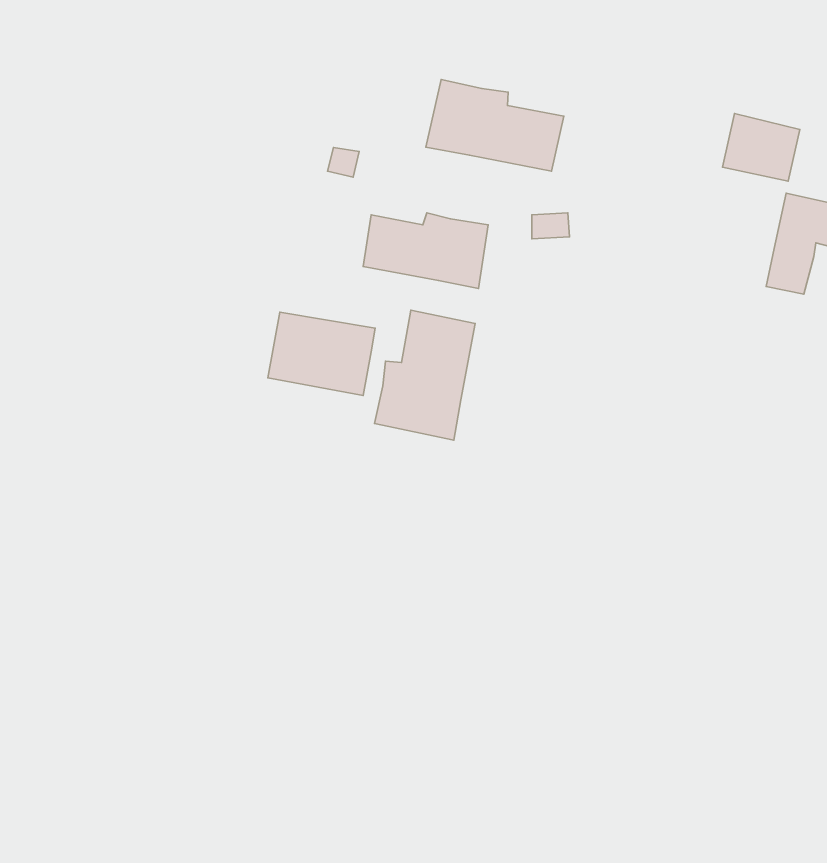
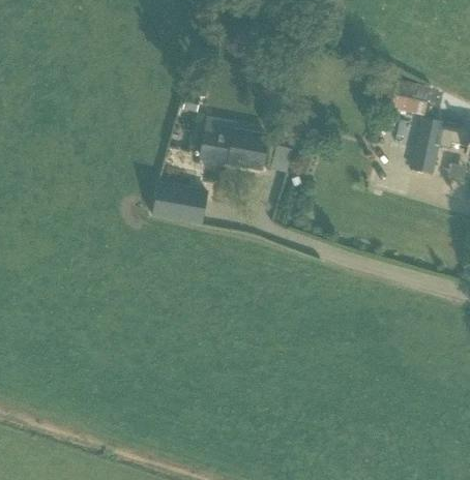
building: [426,80,564,171] -> none
building: [375,310,475,440] -> none

